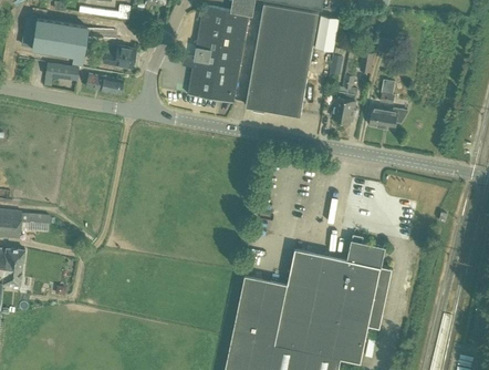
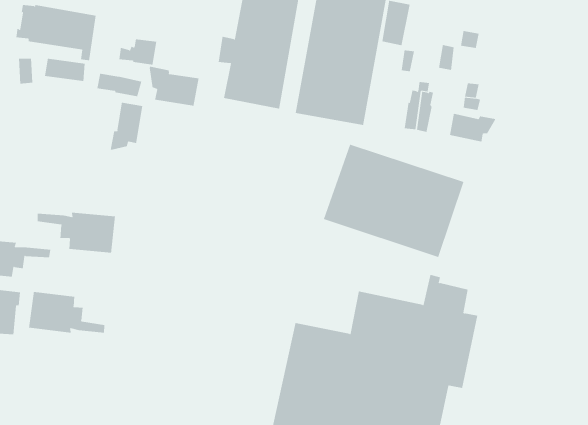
building: none -> [149,66,199,106]
building: none -> [110,102,143,150]
building: none -> [323,144,464,258]
building: none -> [37,212,115,253]
building: none -> [28,291,105,334]

